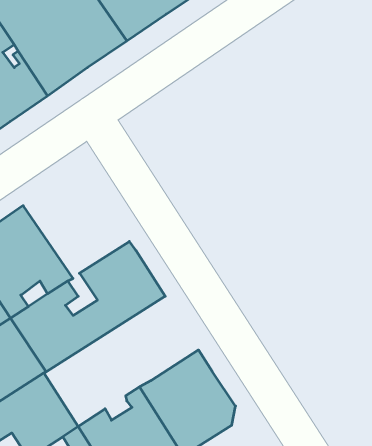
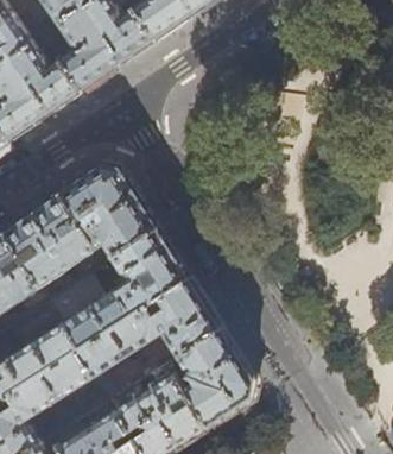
building: none -> [56,165,154,263]
building: none -> [75,279,218,401]

